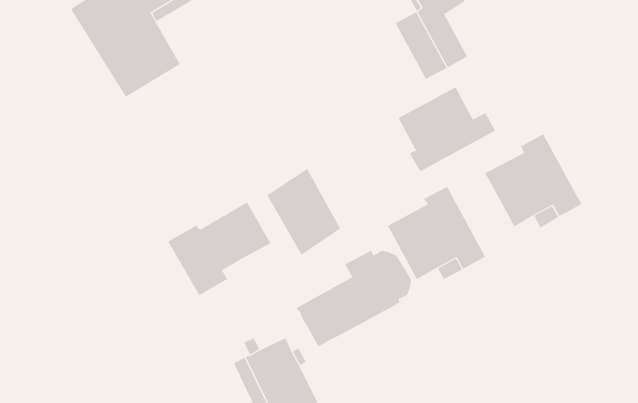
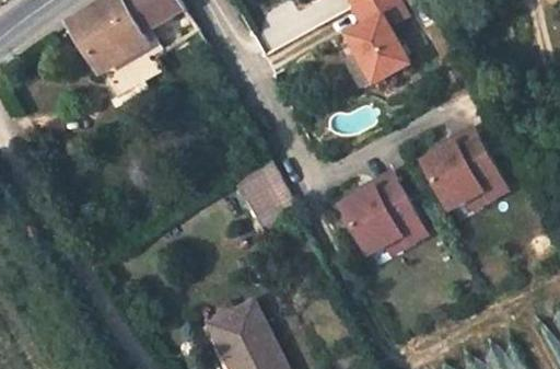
building: [398,86,496,172] -> none
building: [168,201,271,296] -> none
building: [296,250,411,347] -> none

